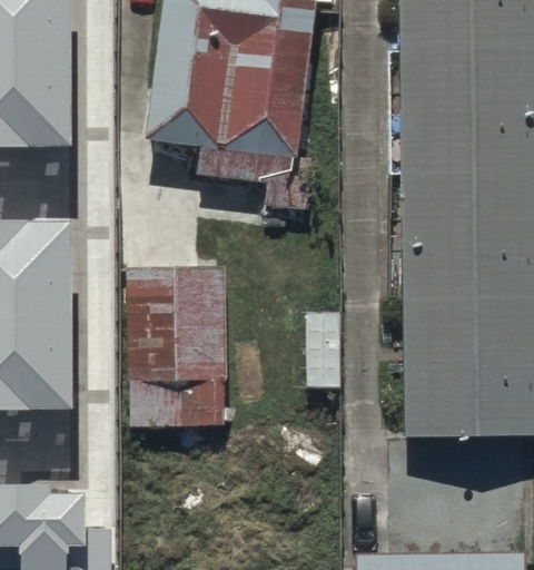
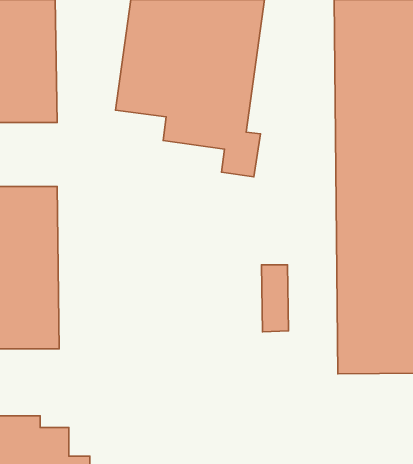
building: [128,263,223,428] -> none

